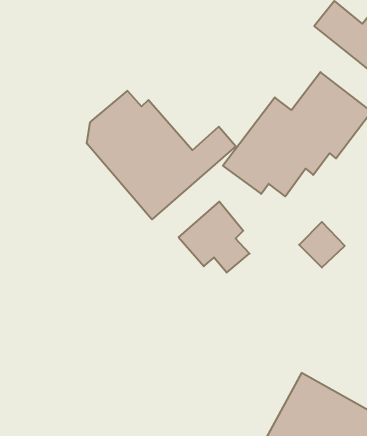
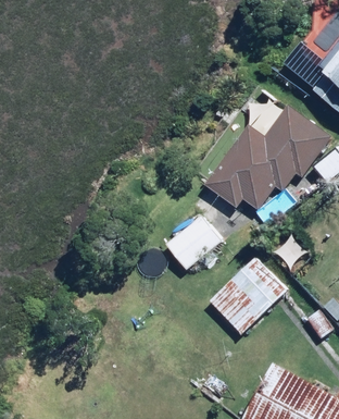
building: [87,91,236,219] -> none
building: none -> [209,256,288,335]

